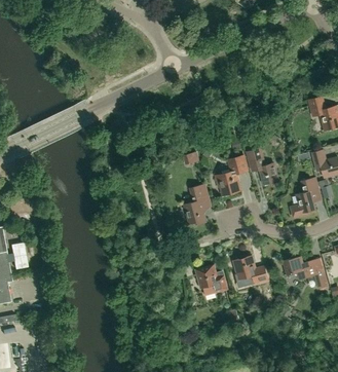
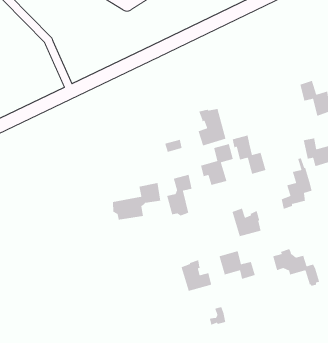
building: none -> [197,108,226,147]
building: none -> [112,182,161,221]
building: none -> [231,207,262,237]

